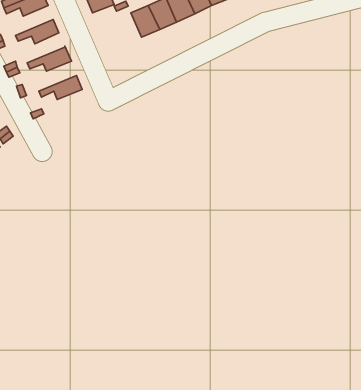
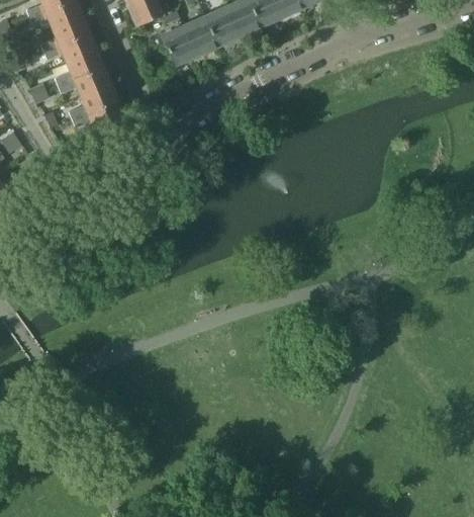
building: none -> [40,16,89,53]
building: none -> [161,25,196,65]
building: none -> [55,50,103,86]
building: none -> [69,84,118,120]

